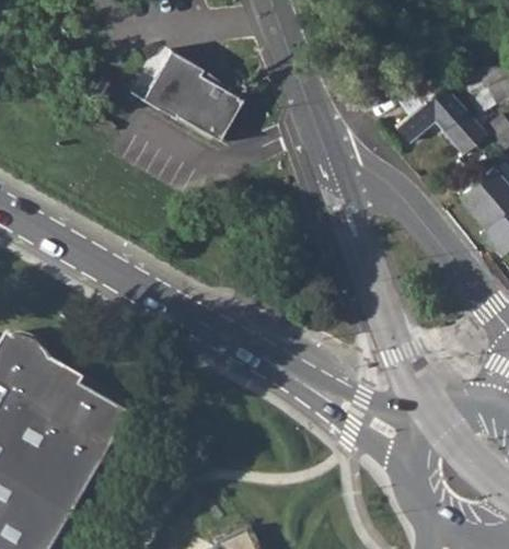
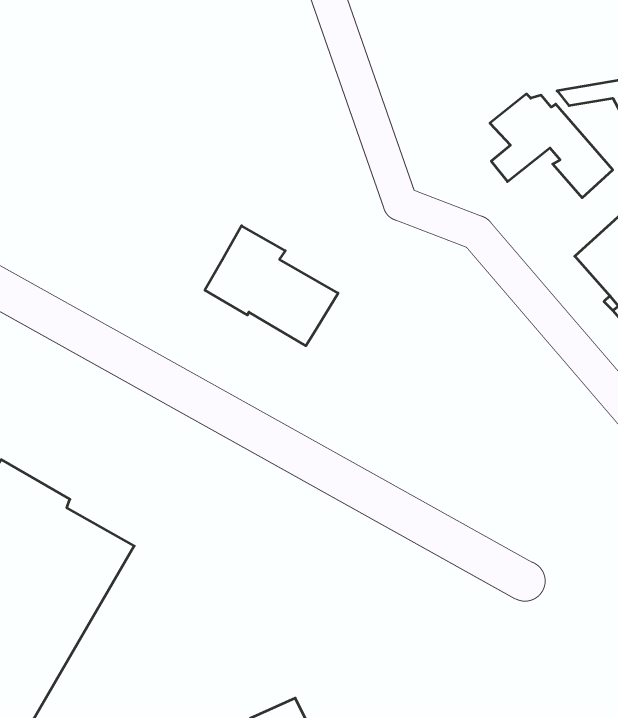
building: [147,49,246,139] -> [205,226,338,346]

